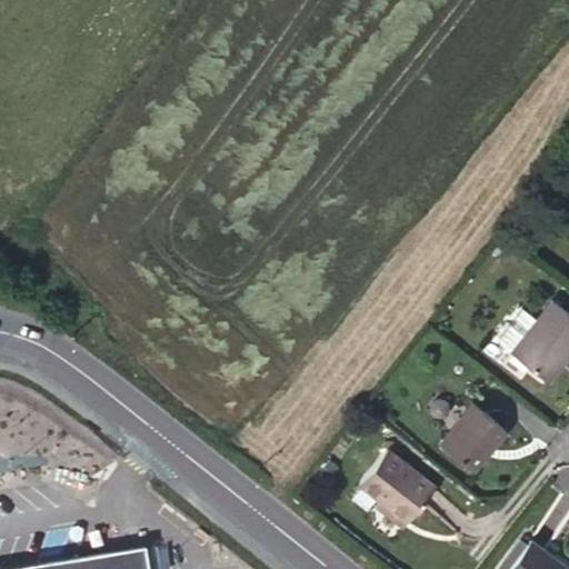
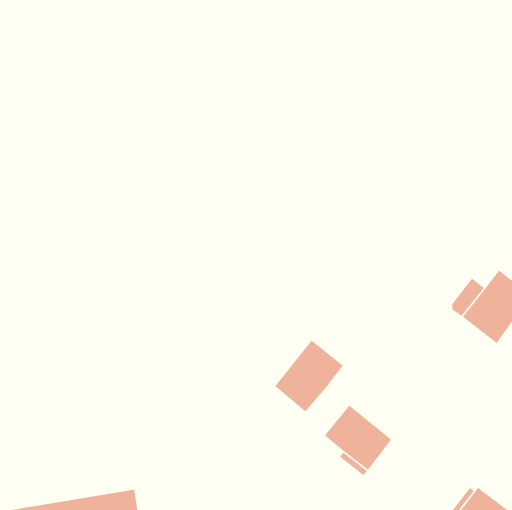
building: none -> [274,339,344,412]
building: [442,406,509,473] -> none

